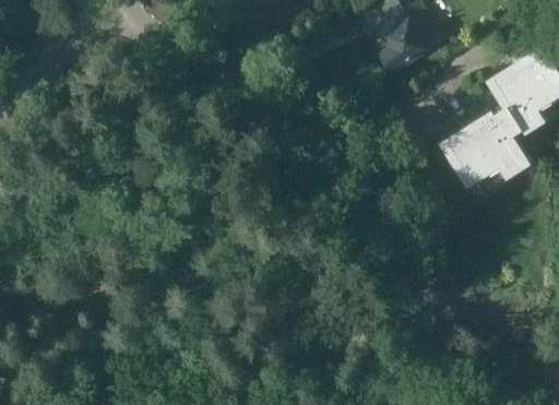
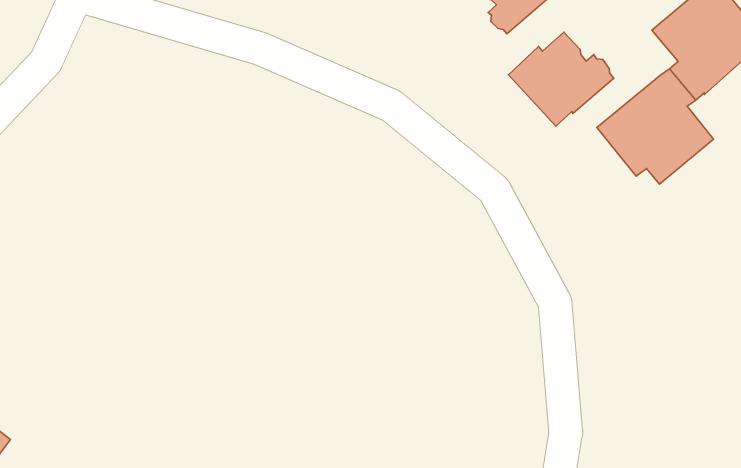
building: none -> [509,32,614,126]

